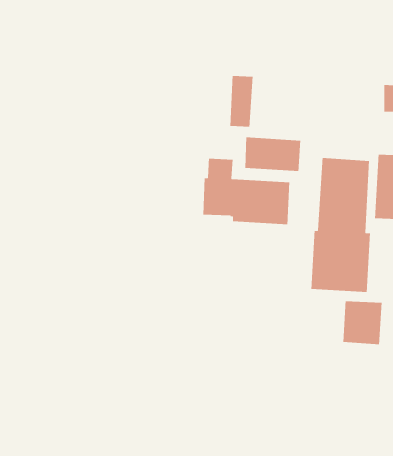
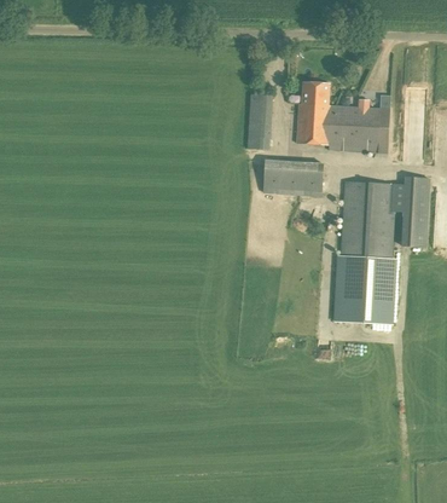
building: [203,158,290,225] -> [297,82,390,154]
building: [343,300,382,345] -> none

